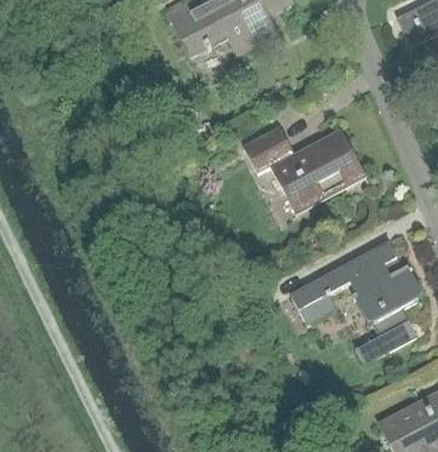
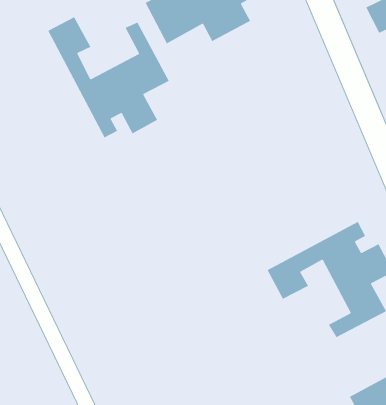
building: none -> [47,16,170,138]
building: [241,126,363,208] -> none

